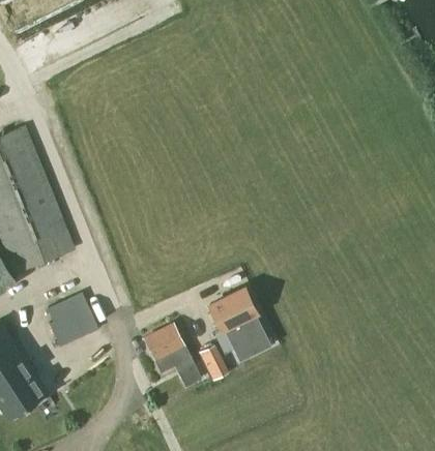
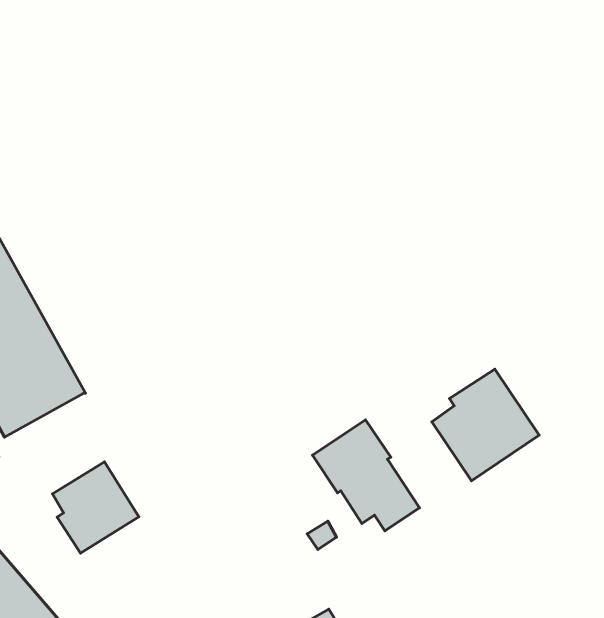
building: none -> [432,369,539,481]
building: [144,326,193,373] -> none

